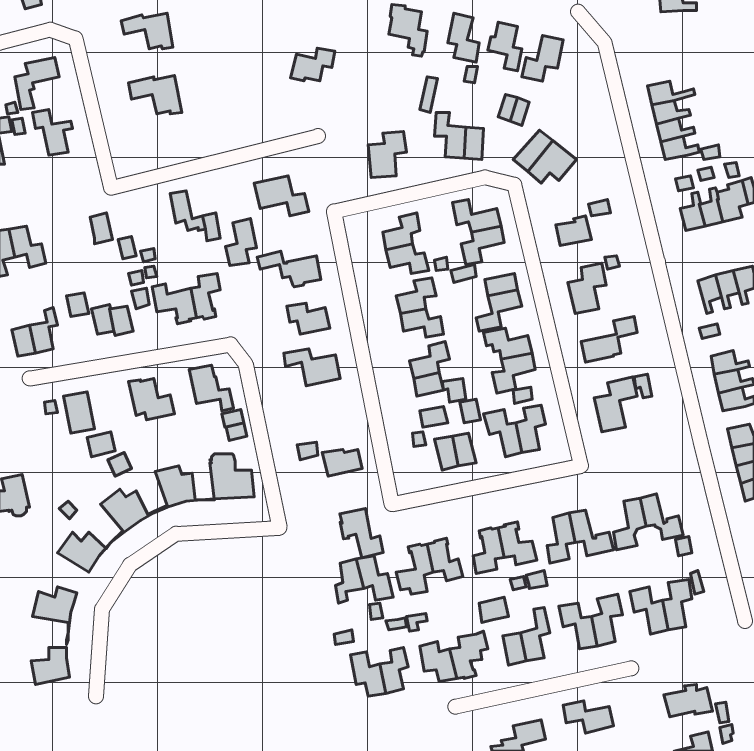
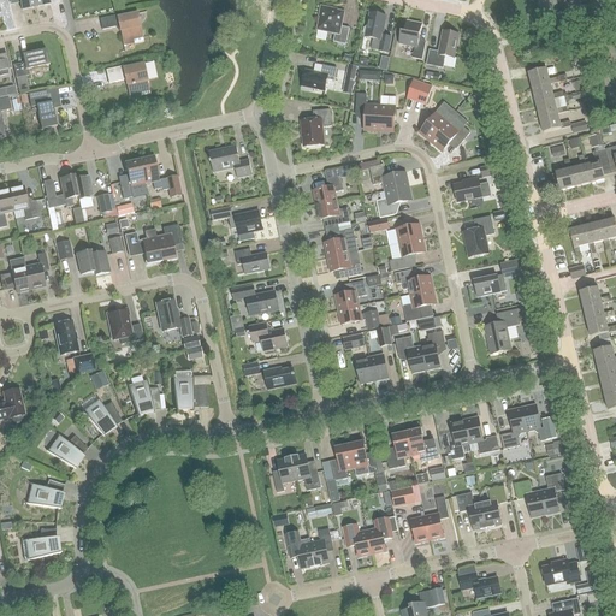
building: [290,48,335,81] -> [300,63,336,89]
building: none -> [45,173,77,227]
building: [225,218,256,266] -> [118,158,143,196]
building: none -> [248,321,286,349]
building: [340,508,383,558] -> none

